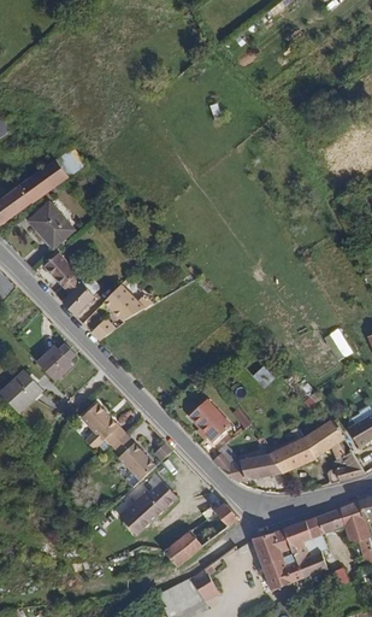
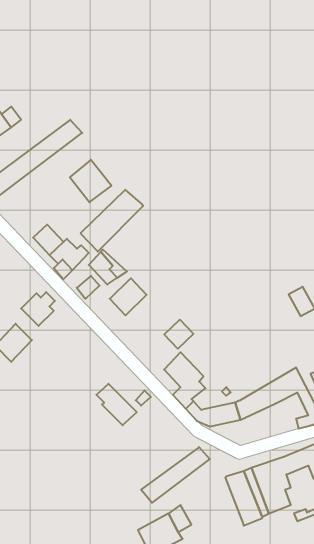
building: [30,201,76,248] -> [70,160,111,202]
building: none -> [81,190,143,252]
building: none -> [110,278,147,315]
building: none -> [164,320,193,349]
building: [79,402,126,446] -> none
building: [118,482,177,534] -> none

